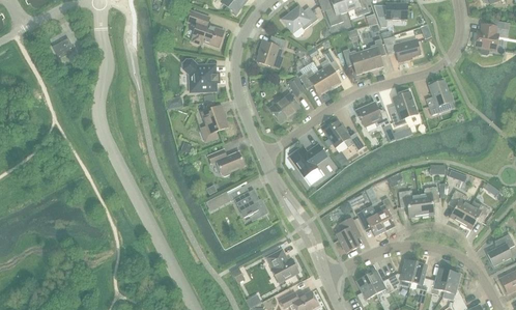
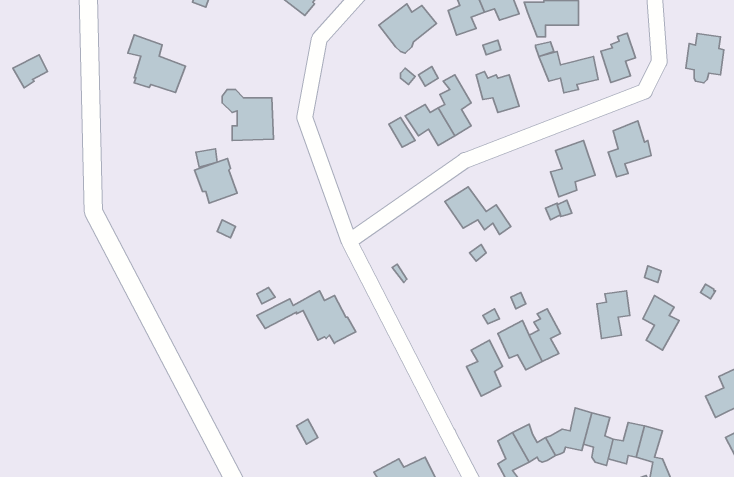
building: [188,10,224,47] -> [128,35,185,93]
building: [256,35,286,66] -> none
building: [364,38,385,69] -> [601,33,635,83]
building: [269,93,300,122] -> none
building: [355,102,391,126] -> none
building: [201,105,228,133] -> [194,159,237,203]
building: [290,144,326,175] -> none
building: [207,148,245,175] -> none
building: [398,190,422,217] -> none
building: [460,198,490,229] -> none
building: [267,249,298,282] -> none

